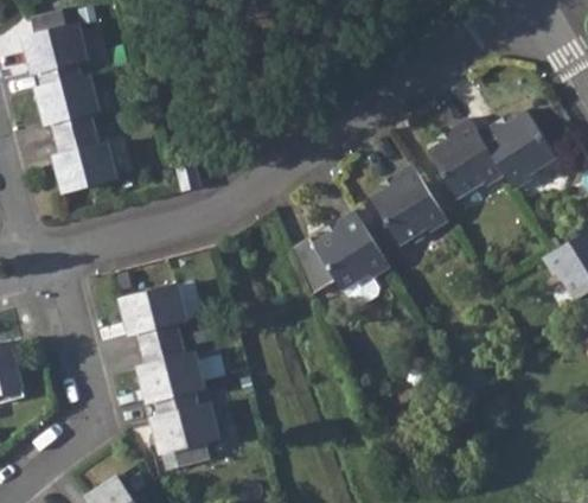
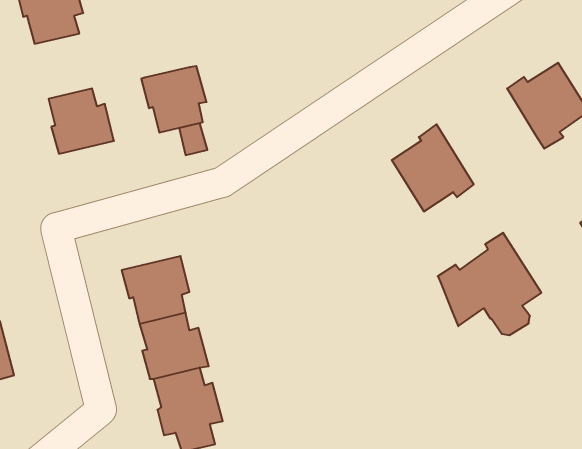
building: [37,78,97,140] -> [141,66,207,133]
building: [428,117,504,197] -> none
building: [294,209,390,304] -> [438,233,541,335]

